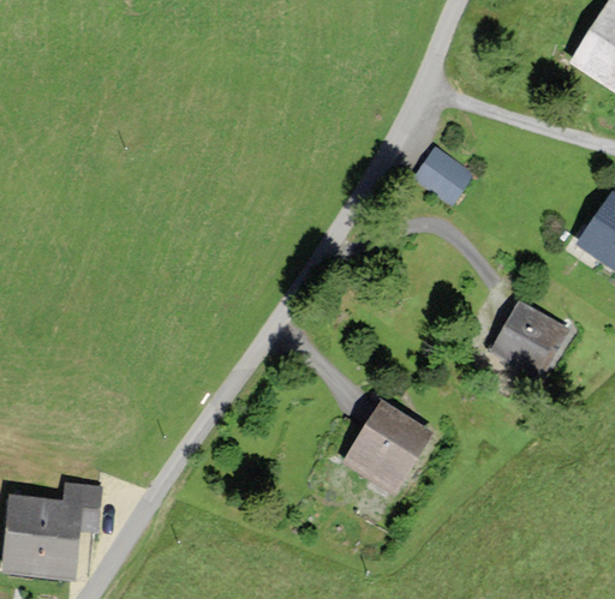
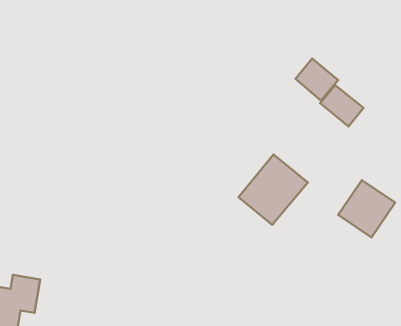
building: none -> [320,85,363,127]
building: [342,402,434,497] -> [239,155,308,225]

